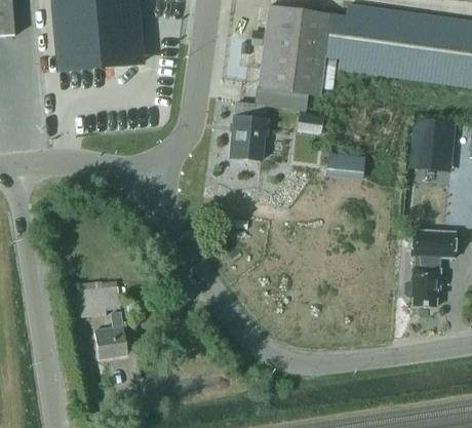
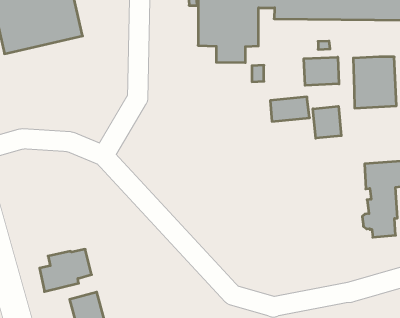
building: [231,102,268,160] -> none
building: none -> [304,57,339,85]
building: none -> [313,106,341,138]

